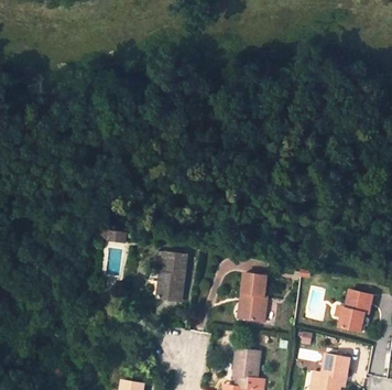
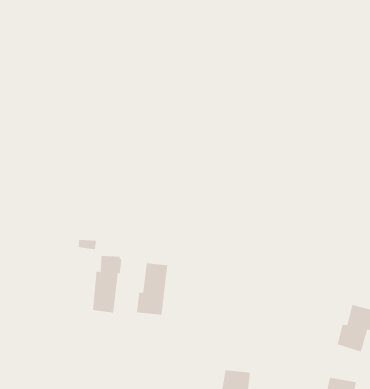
building: none -> [92,255,122,314]
building: [241,274,264,322] -> none

